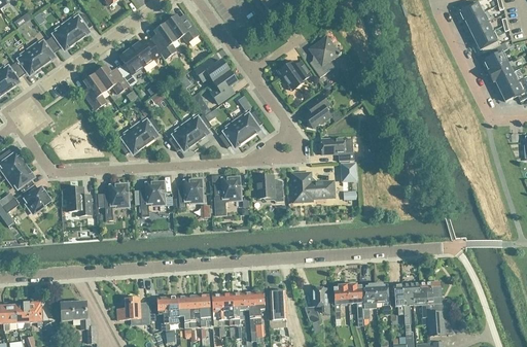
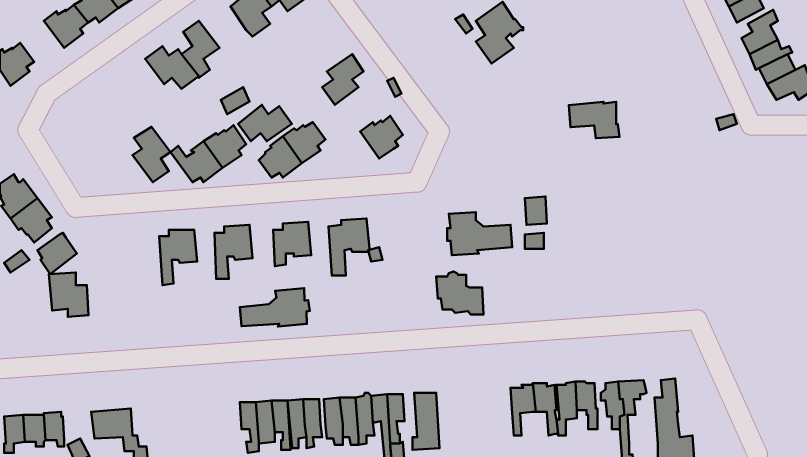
building: [130,39,161,66] -> none
building: [13,48,42,75] -> none
building: [195,58,230,81] -> [238,105,292,141]
building: [276,61,311,90] -> none
building: [82,73,107,109] -> [132,127,170,182]
building: [305,94,331,128] -> none
building: [219,120,247,147] -> none
building: [321,137,354,161] -> [569,102,619,138]
building: [253,173,284,201] -> [436,272,484,314]
building: [66,186,92,215] -> [49,273,88,317]
building: none -> [240,288,310,327]
building: [413,282,431,324] -> none
building: [305,286,329,323] -> none
building: [116,298,149,323] -> none

